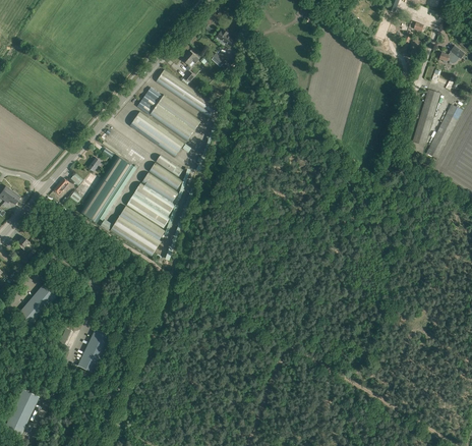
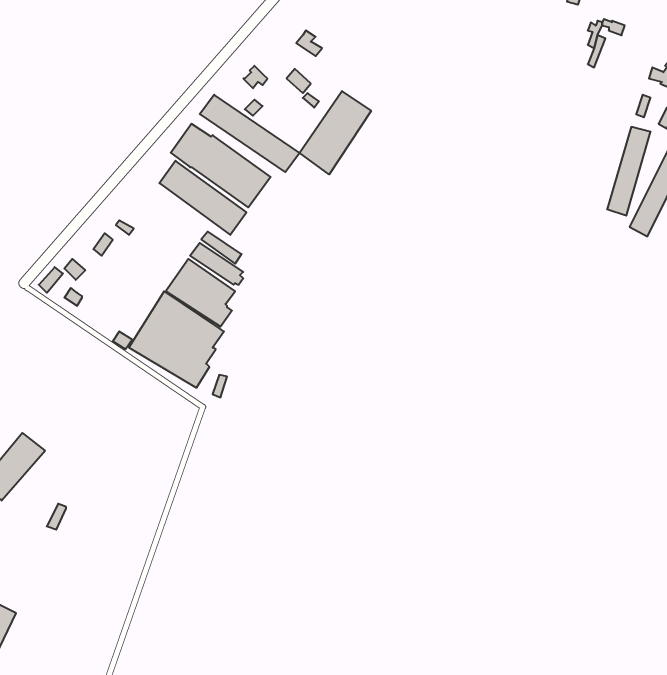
building: none -> [300,91,371,174]
building: [80,155,134,223] -> none
building: [78,328,112,373] -> none

